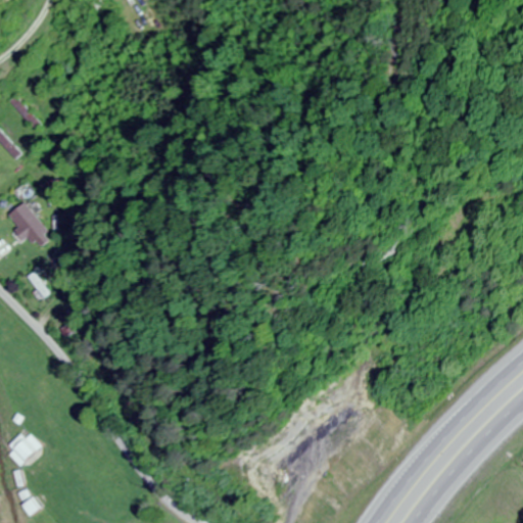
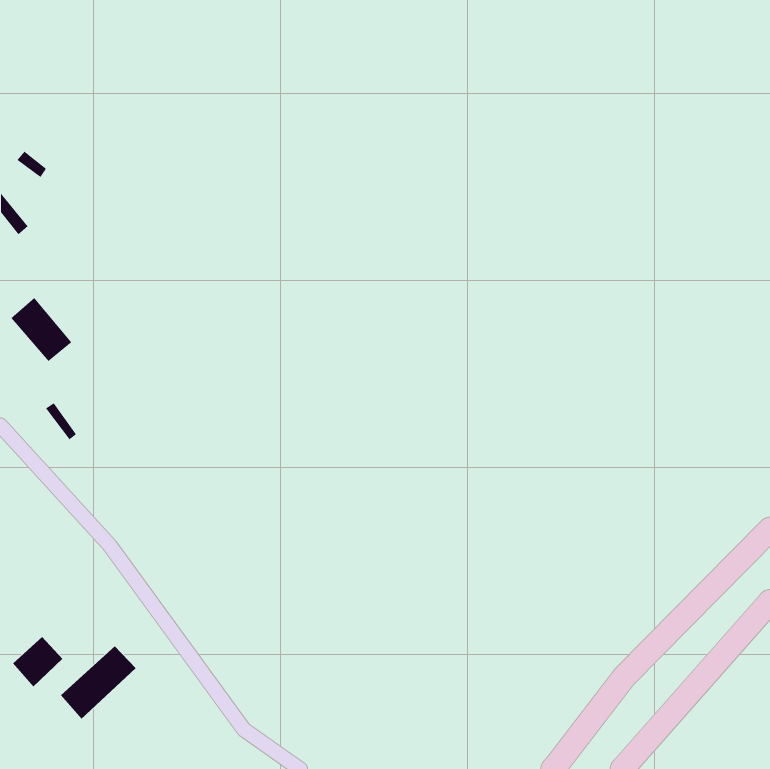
building: none -> [60,646,136,720]

